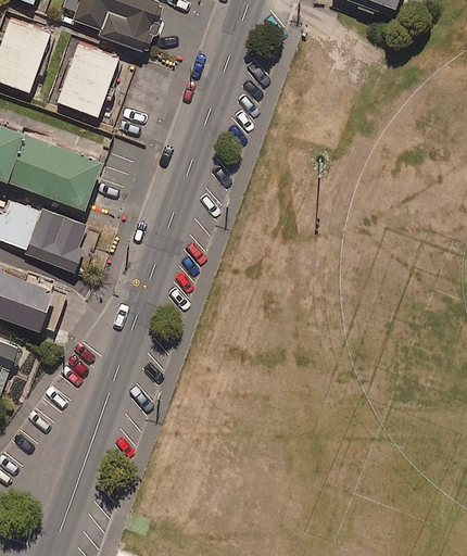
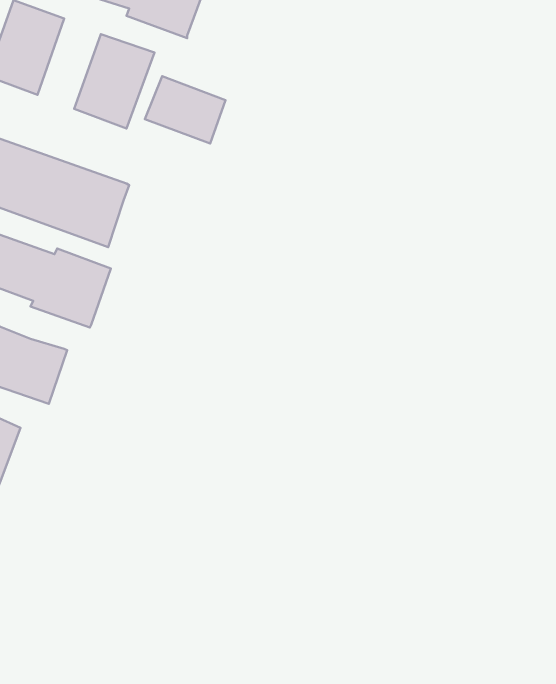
building: none -> [145,76,226,143]

